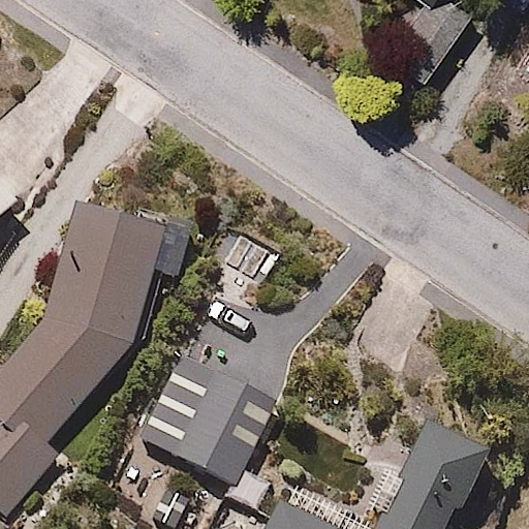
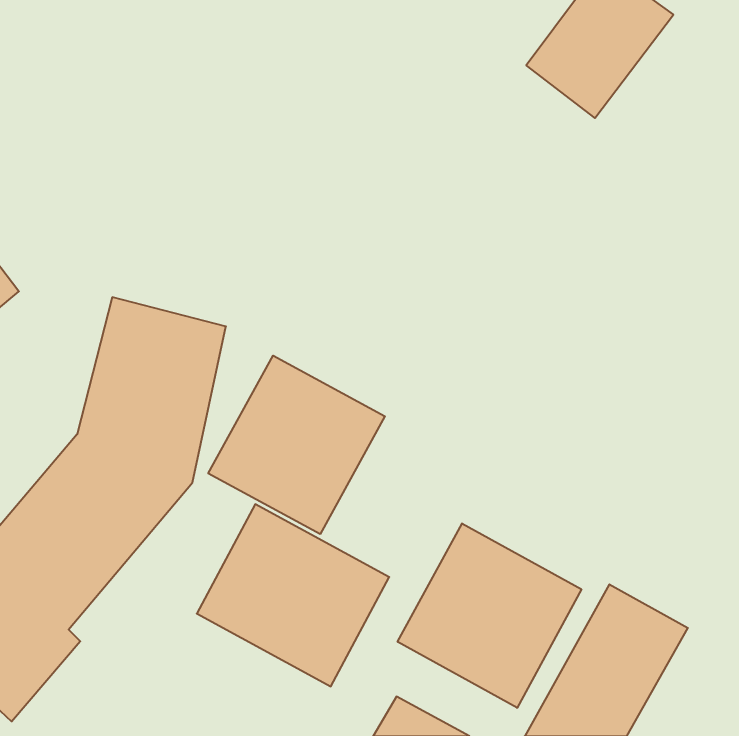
building: none -> [208,356,385,534]
building: none -> [398,523,581,708]

